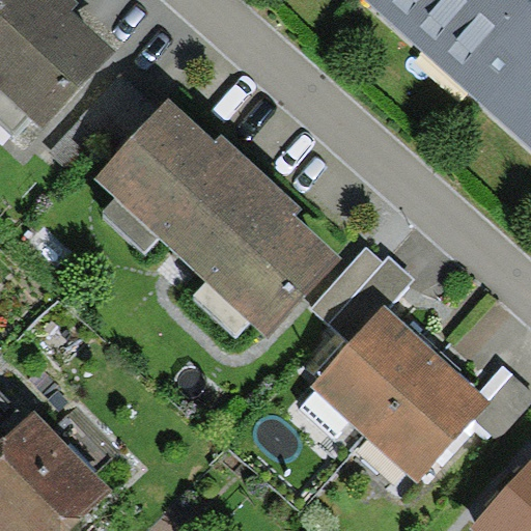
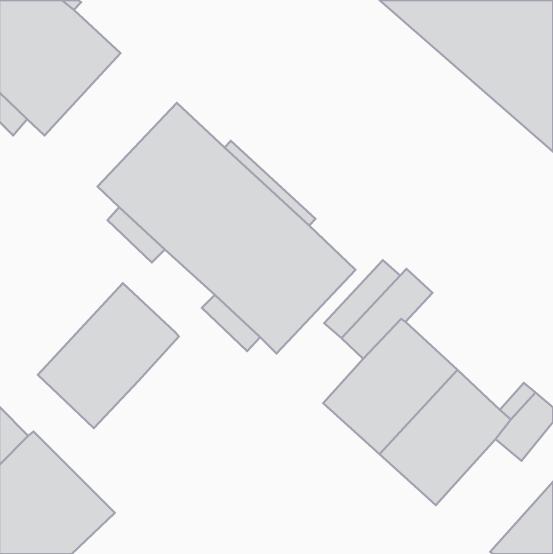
building: none -> [38,283,179,428]

